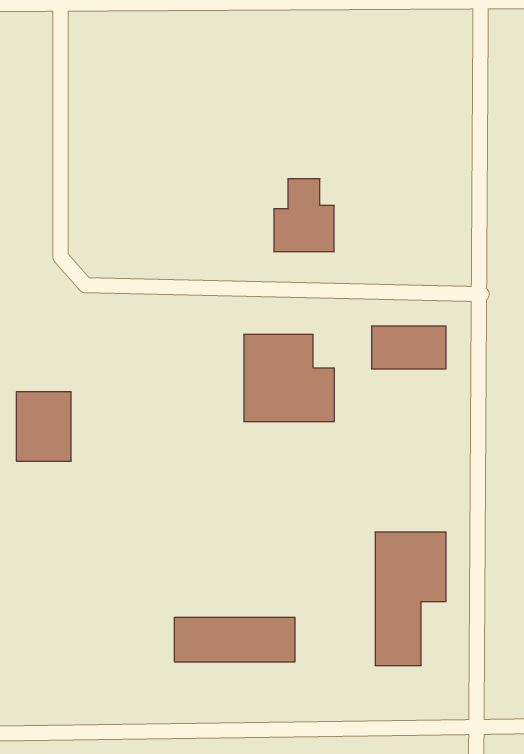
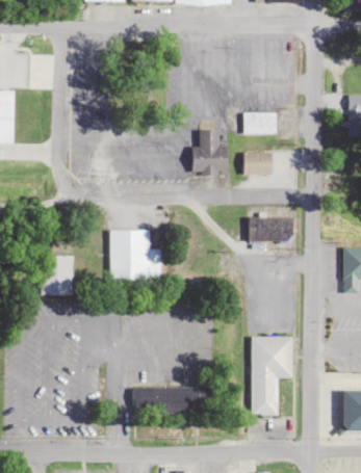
building: none -> [244,111,277,132]
building: none -> [244,150,273,173]
building: [244,334,334,421] -> [110,228,163,279]

